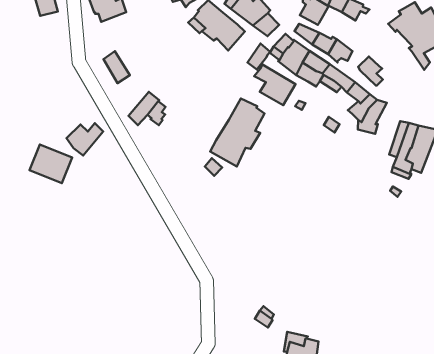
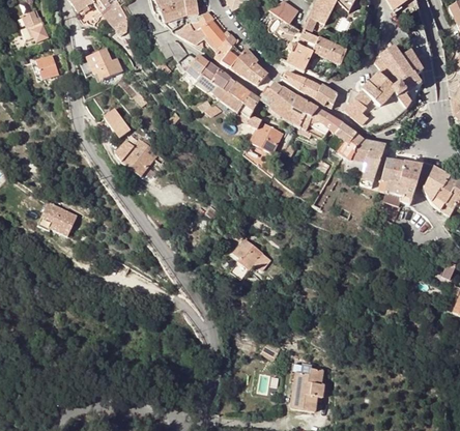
building: none -> [353,71,394,107]
building: none -> [220,82,251,114]
building: [210,98,264,167] -> none
building: none -> [360,141,385,188]
building: [67,123,103,155] -> [114,137,148,168]
building: none -> [230,238,262,279]

